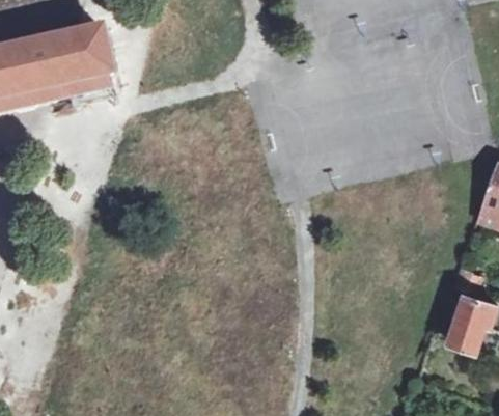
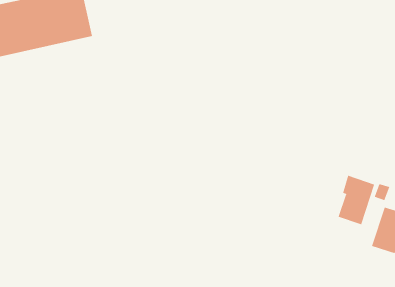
building: none -> [338,175,375,225]

